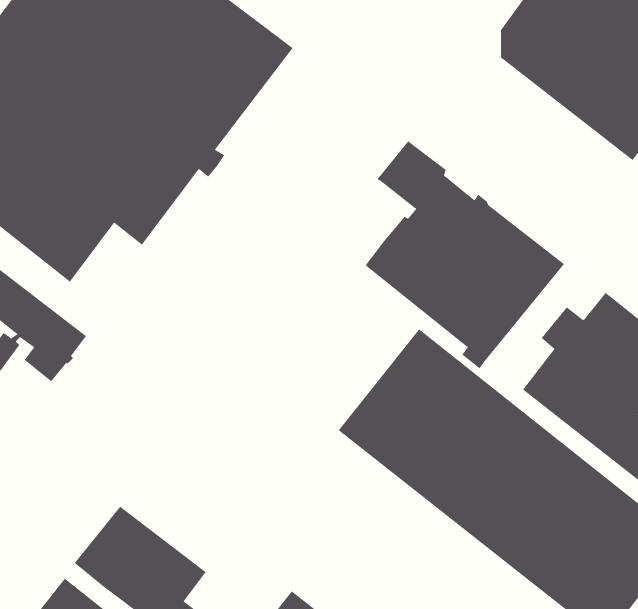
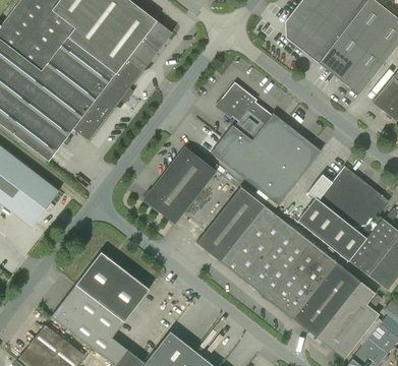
building: none -> [143,146,216,224]
building: none -> [75,252,149,321]

